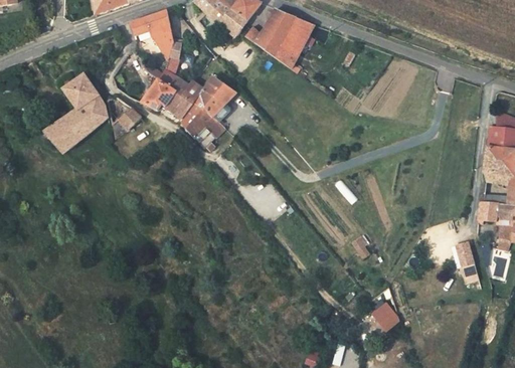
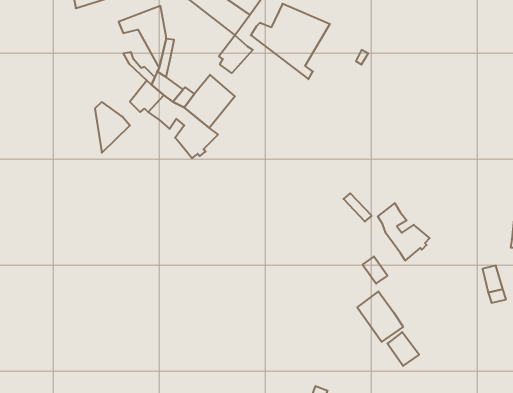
building: none -> [219,35,253,73]
building: [41,70,108,151] -> none
building: none -> [378,203,430,261]
building: none -> [357,291,403,342]

